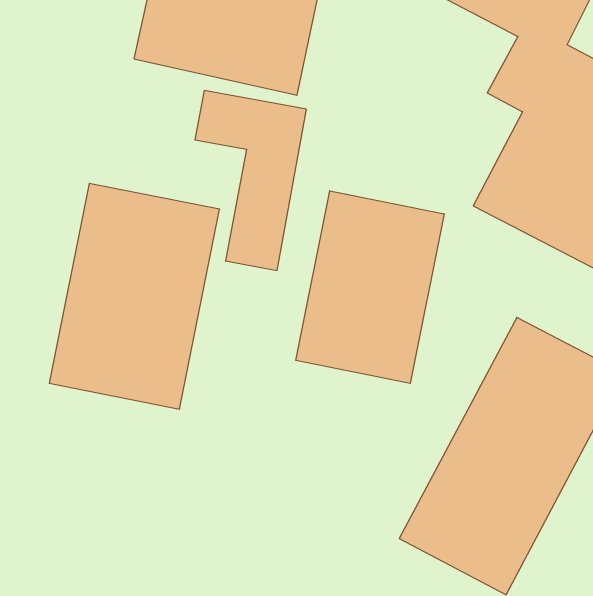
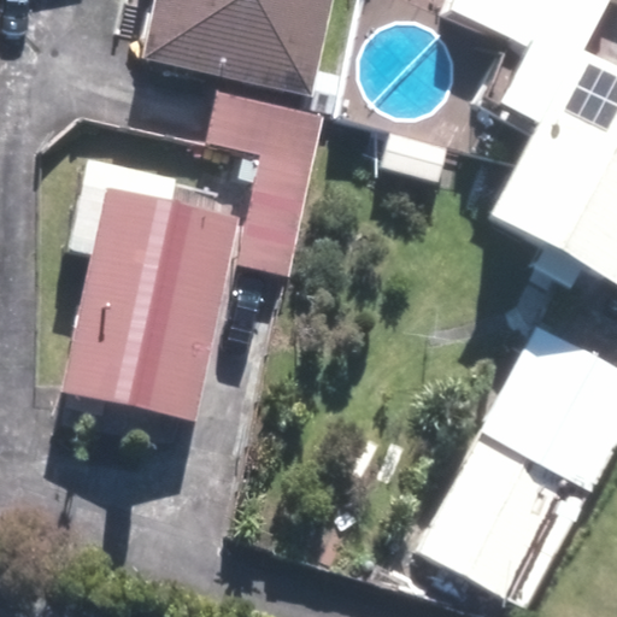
building: [296,191,444,383] -> none

